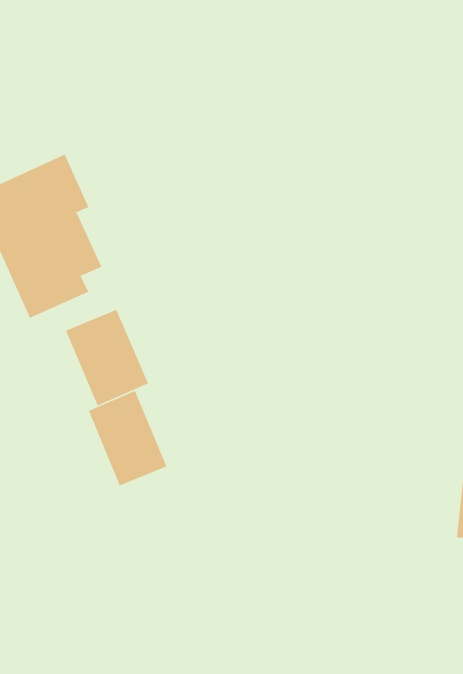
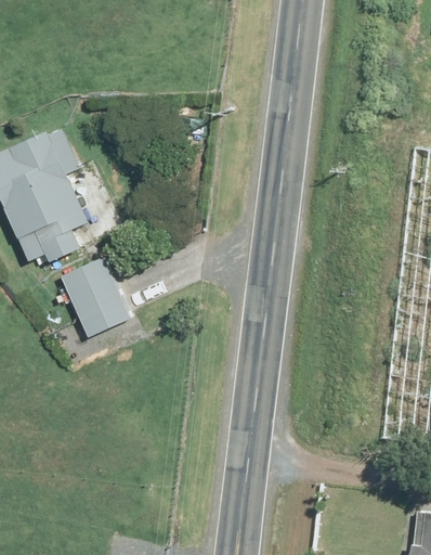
building: [88,390,167,486] -> none

